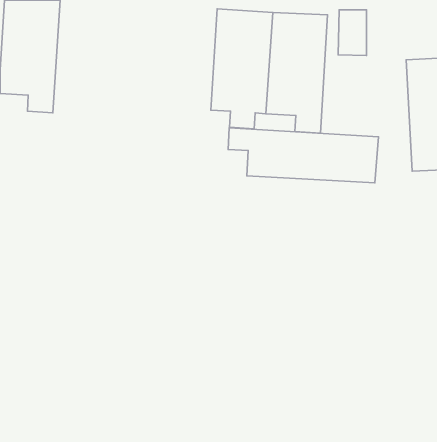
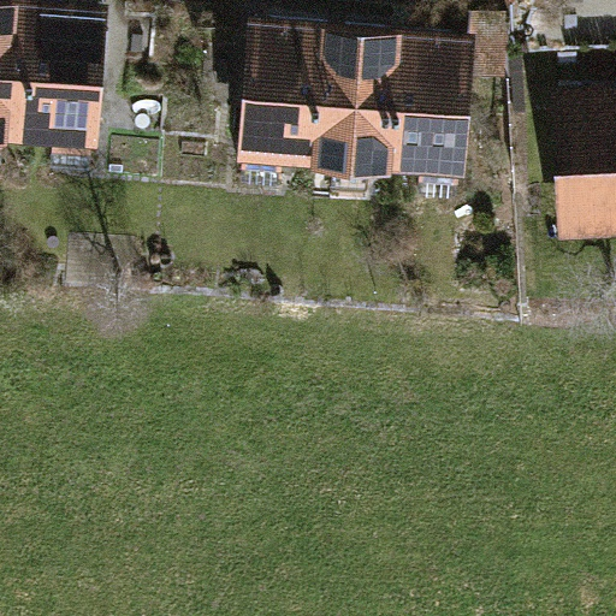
building: none -> [231,19,315,183]
building: [228,128,378,183] -> none

